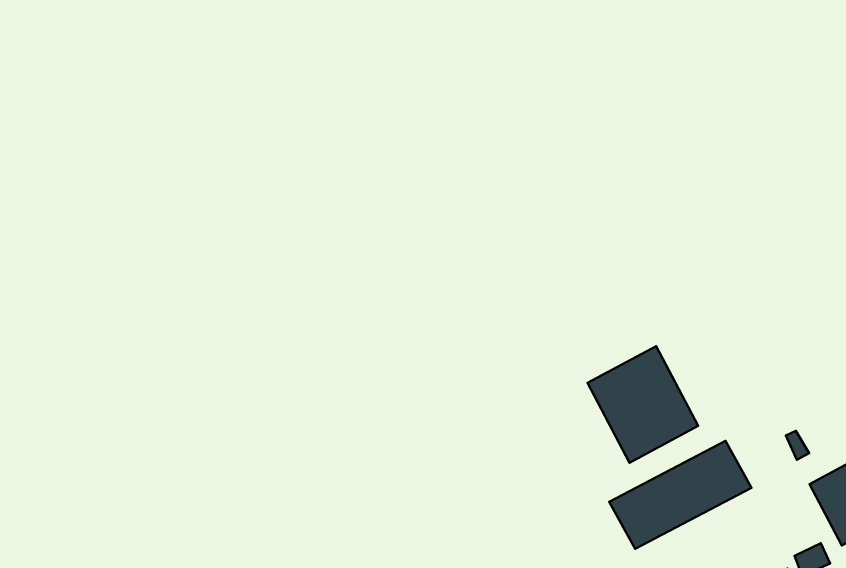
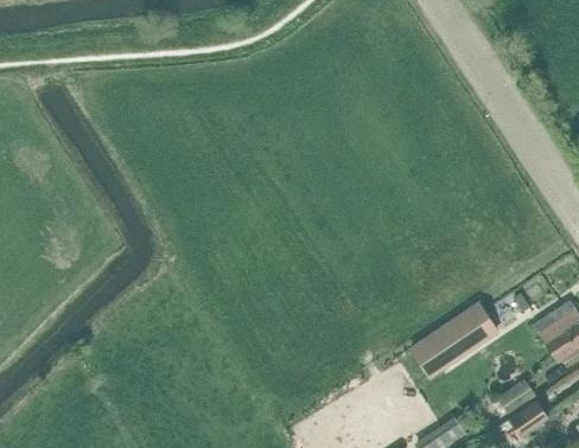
building: [588,346,698,463] -> none

